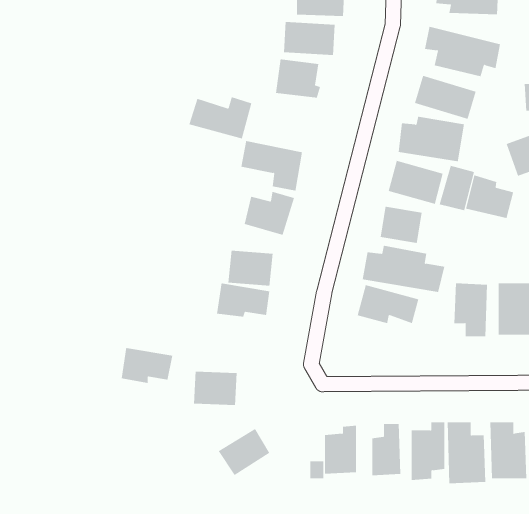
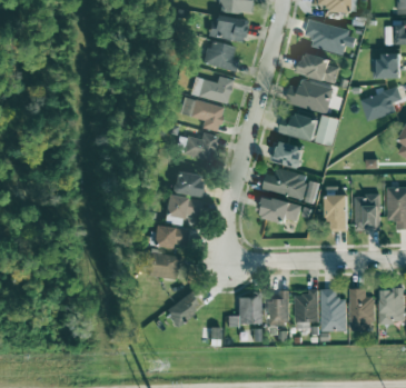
building: [188,97,252,139] -> [189,76,232,105]
building: [465,174,514,219] -> none
building: [121,347,173,383] -> [151,225,187,249]

